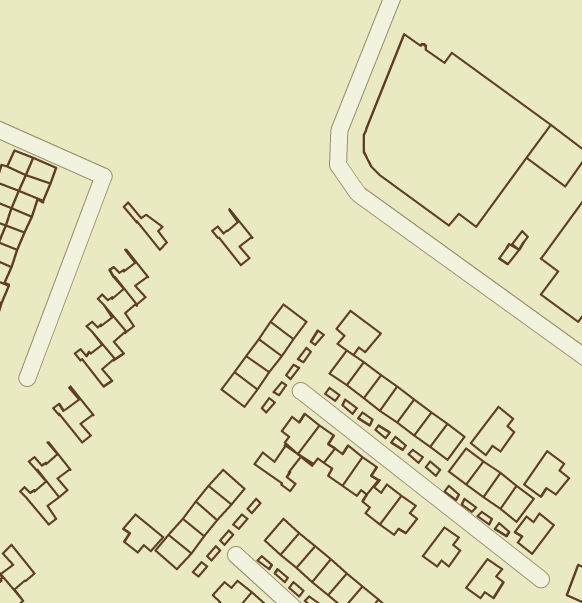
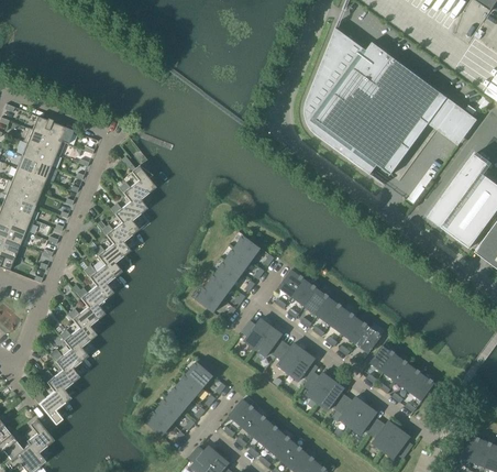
building: [212,209,252,265] -> [118,171,148,213]
building: [336,311,381,355] -> none
building: none -> [76,276,106,319]
building: [471,407,514,455] -> none
building: none -> [58,318,89,361]
building: [254,445,312,491] -> none
building: [524,451,569,497] -> none
building: none -> [33,382,64,425]
building: [515,514,554,554] -> [369,420,399,451]
building: [123,515,163,552] -> none
building: none -> [333,396,366,427]

